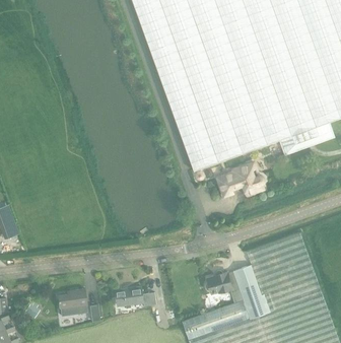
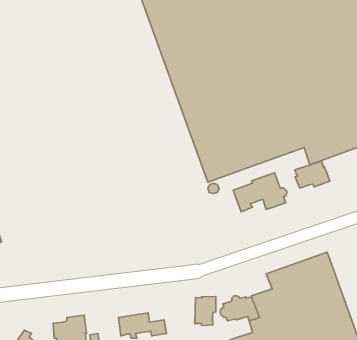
building: none -> [295,161,330,188]
building: none -> [195,297,216,325]

